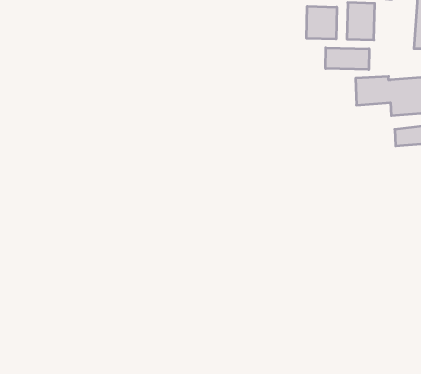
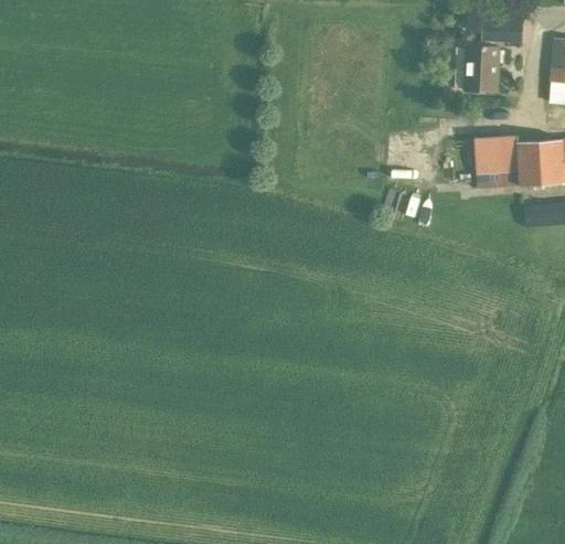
building: [307,6,337,39] -> none
building: [326,48,369,70] -> none

